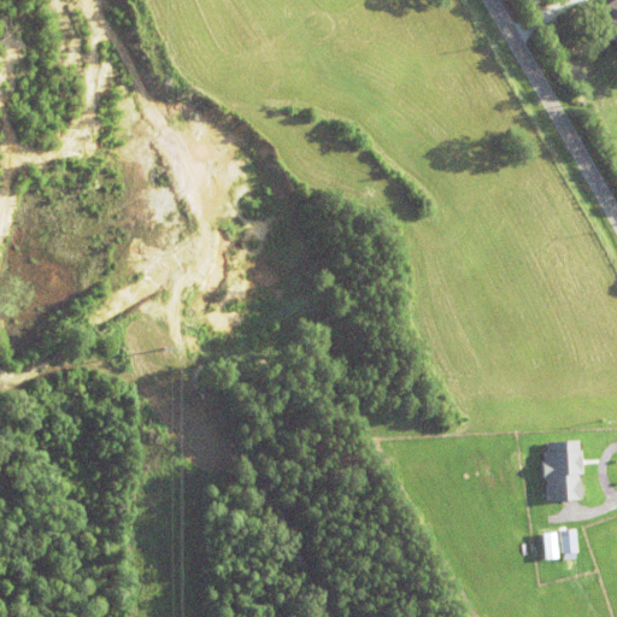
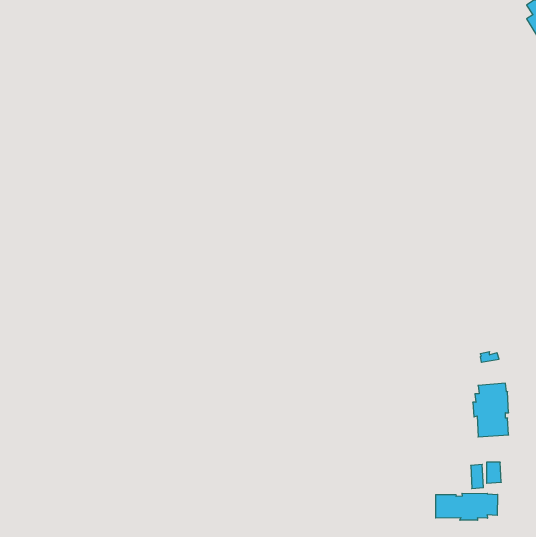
building: none -> [436,493,498,520]

